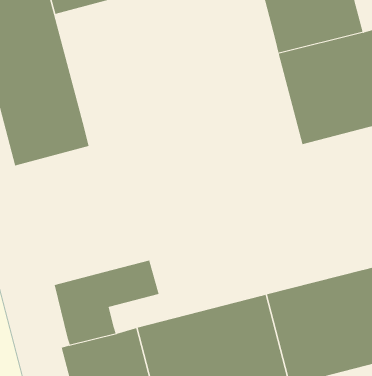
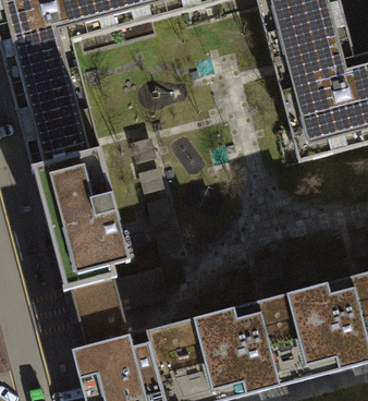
building: none -> [38,162,132,292]

